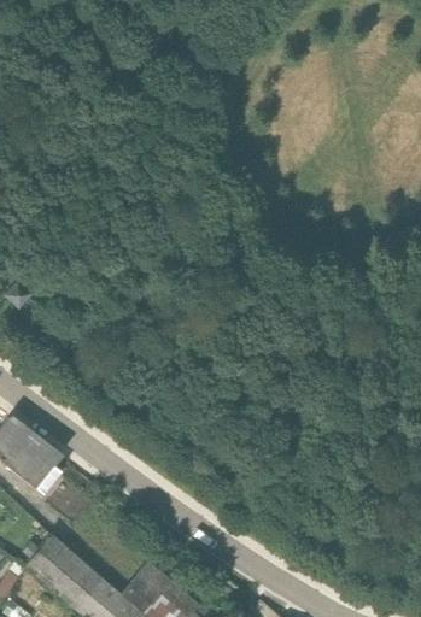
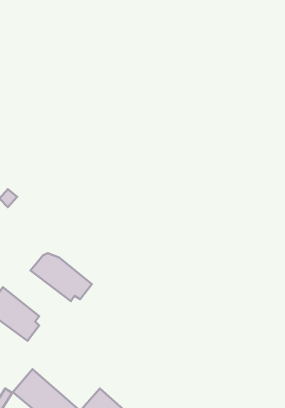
building: none -> [31,253,92,301]

